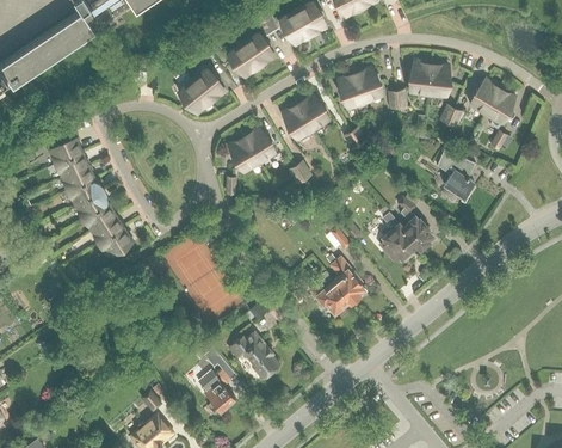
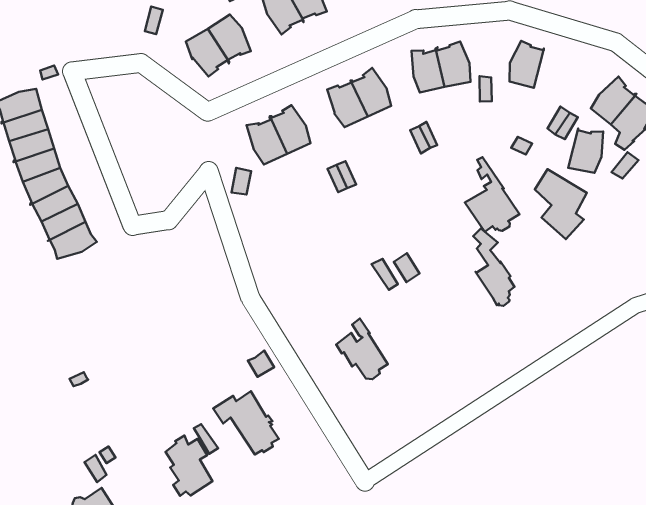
building: [427,66,450,96] -> [568,128,603,173]
building: [377,209,416,262] -> [465,157,519,232]
building: [329,258,364,303] -> none

